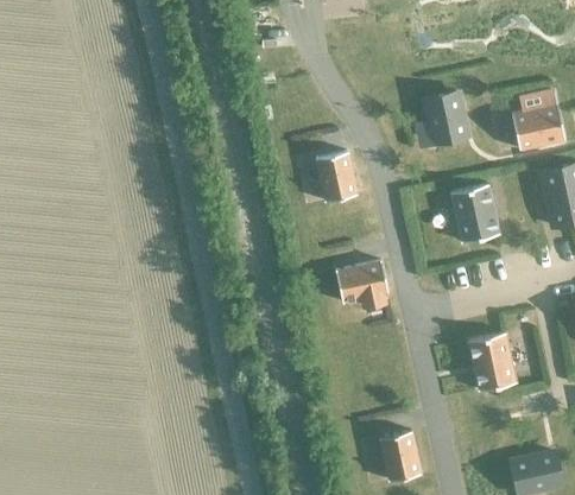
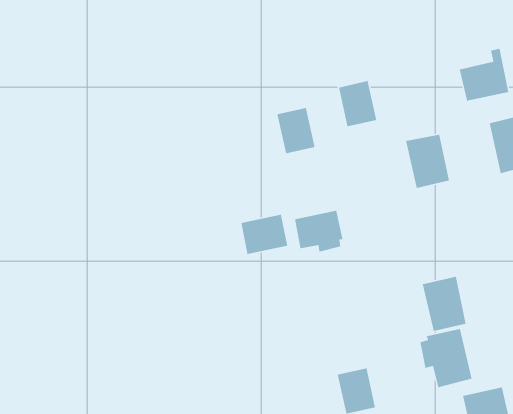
building: [425,90,467,140] -> [338,80,377,127]
building: none -> [240,214,288,255]
building: none -> [419,328,472,388]

